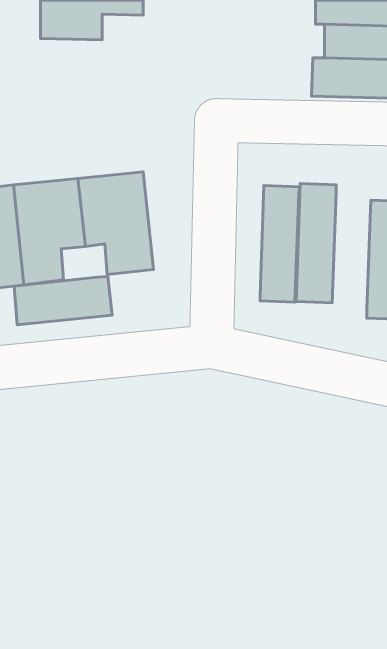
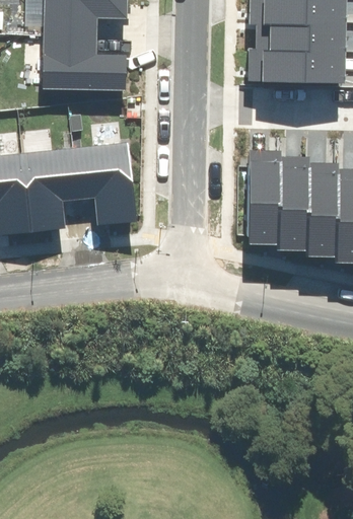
building: none -> [44,35,127,89]
building: [260,185,300,302] -> [276,157,307,249]
building: [14,276,112,325] -> none

